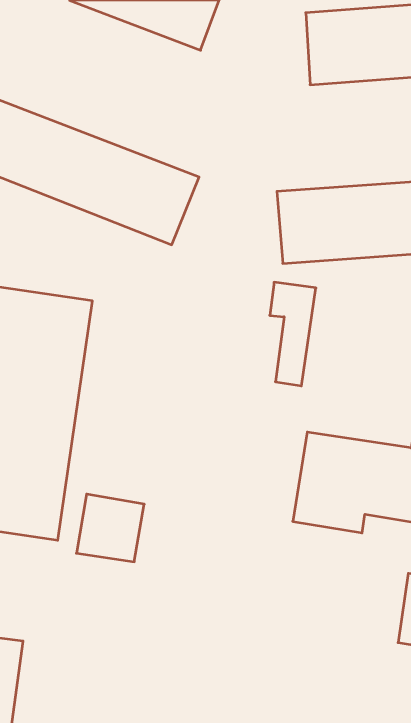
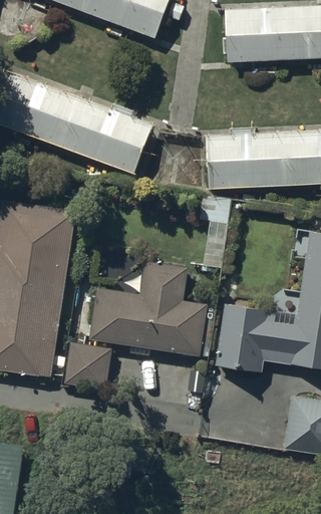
building: none -> [88,263,208,355]

